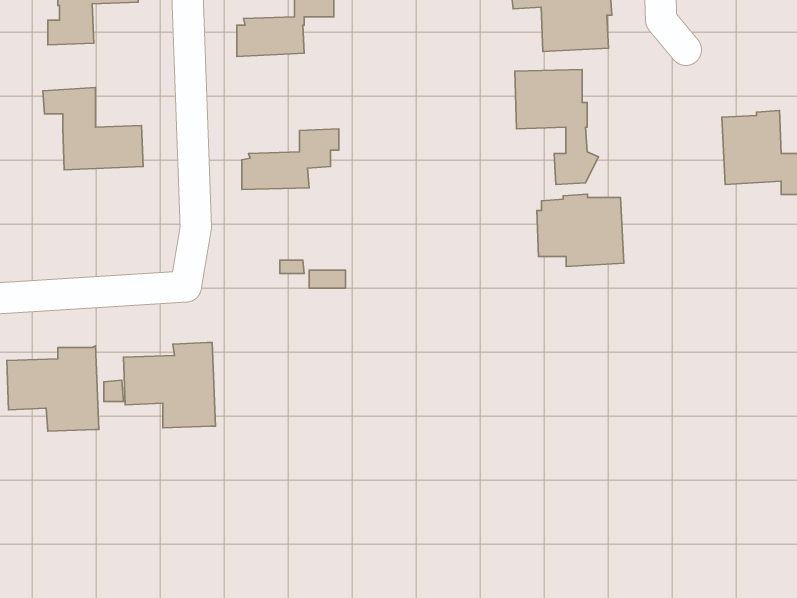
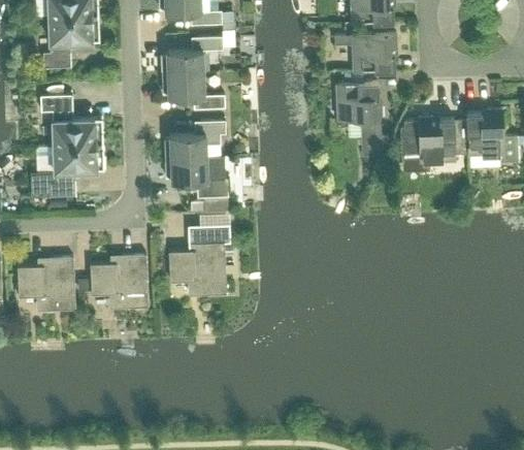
building: none -> [161,73,224,109]
building: none -> [46,144,103,197]
building: none -> [164,157,227,198]
building: [537,194,624,266] -> [400,118,455,163]
building: none -> [168,225,230,295]

